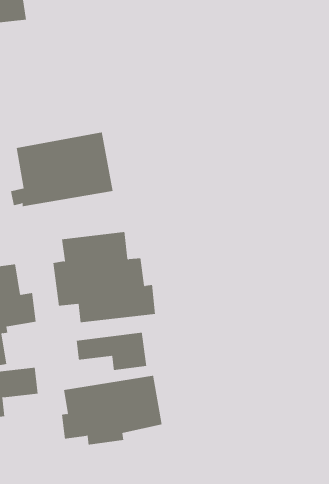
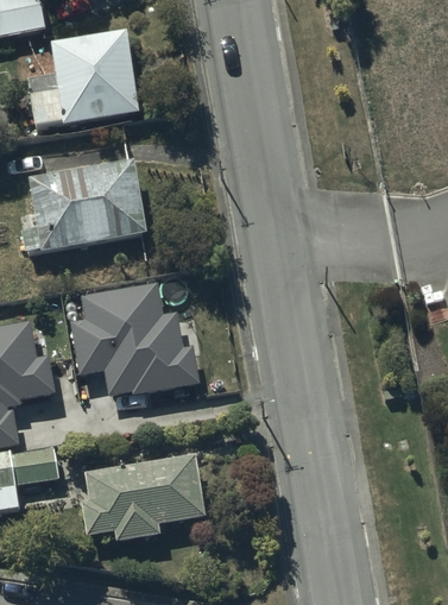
building: none -> [31,33,138,126]
building: [76,332,147,371] -> none

